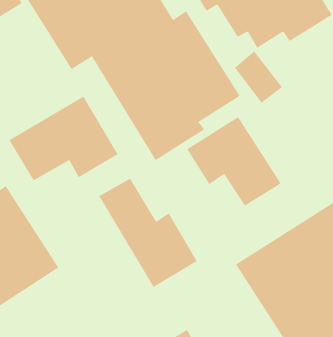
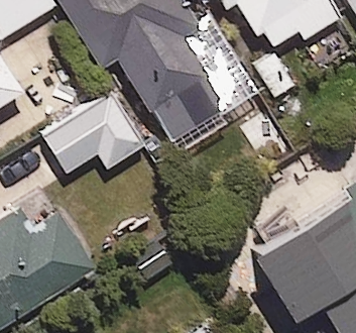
building: [186,116,282,207] -> none
building: [98,178,198,288] -> none

